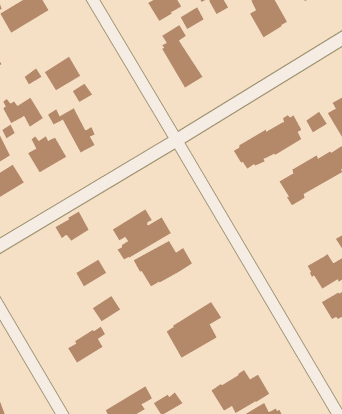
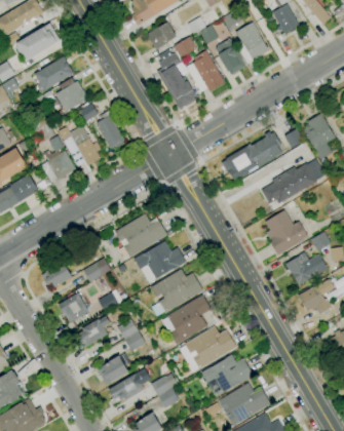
building: none -> [216,38,246,75]
building: none -> [186,50,225,92]
building: none -> [34,56,74,92]
building: none -> [97,111,124,149]
building: none -> [265,209,308,256]
building: [54,211,90,241] -> [41,261,72,287]
building: none -> [151,269,202,312]
building: none -> [58,292,88,323]
building: none -> [117,319,145,351]
building: none -> [185,327,237,369]
building: none -> [98,354,130,385]

